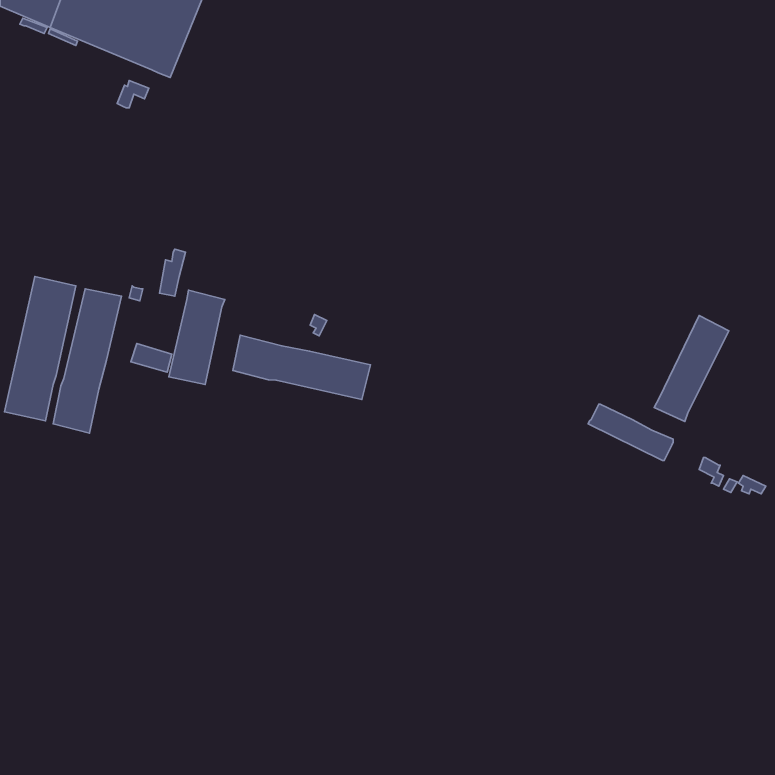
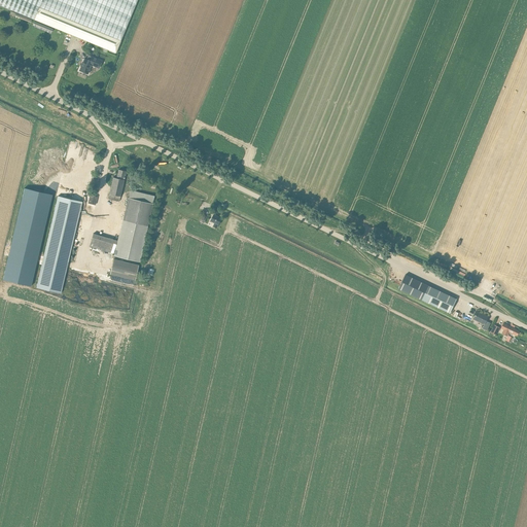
building: [654,315,729,422] -> none
building: [233,335,371,399] -> none
building: none -> [110,257,139,280]

